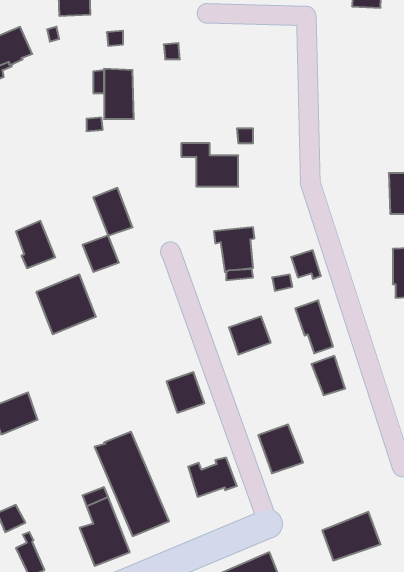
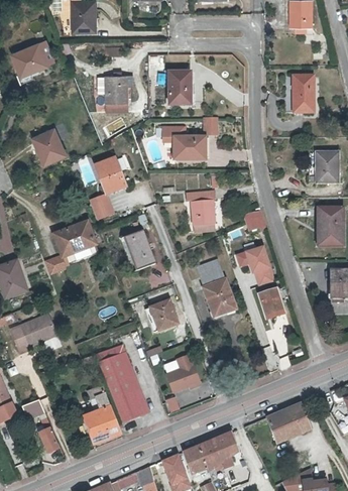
building: none -> [292,76,312,112]
building: none -> [167,78,189,112]
building: [16,221,55,268] -> [32,128,62,163]
building: none -> [125,230,157,269]
building: [258,424,303,473] -> [206,279,239,316]

